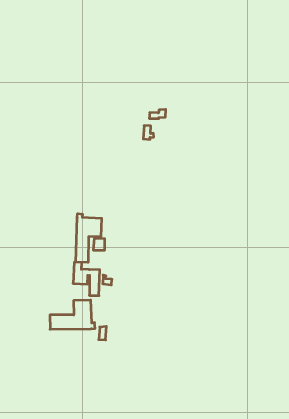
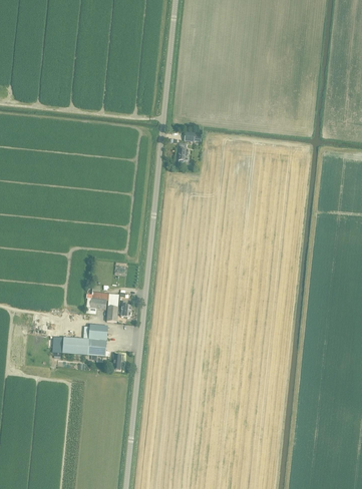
building: [76,214,102,262] -> none

